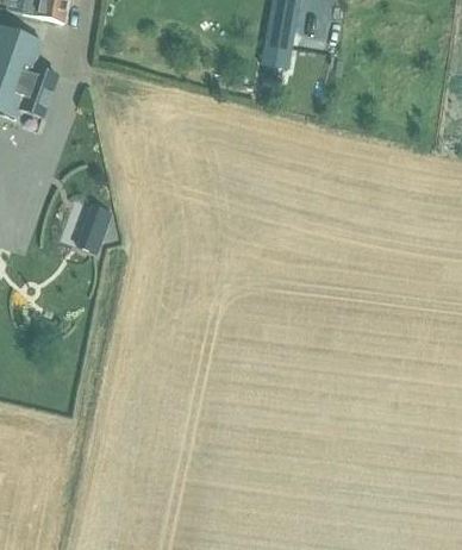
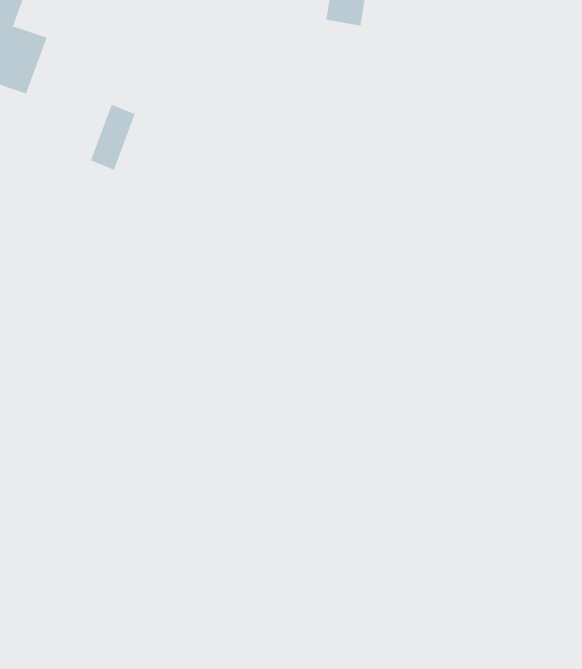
building: [79,202,112,251] -> [90,104,136,170]

